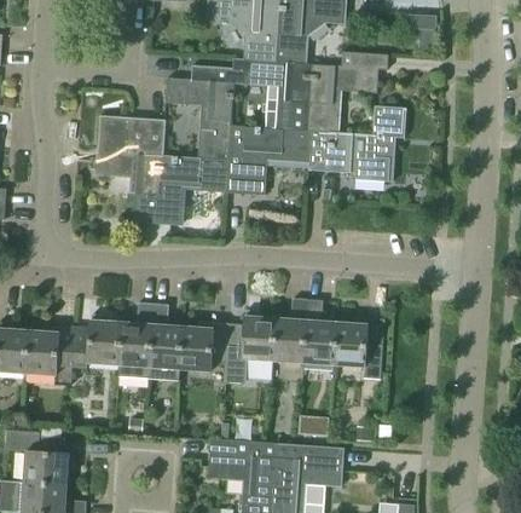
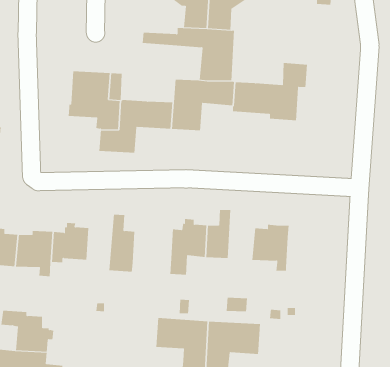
building: [307,52,387,132] -> none
building: [163,79,235,157] -> none
building: [302,298,336,364] -> none
building: [116,302,151,377] -> none
building: [178,321,228,369] -> none

